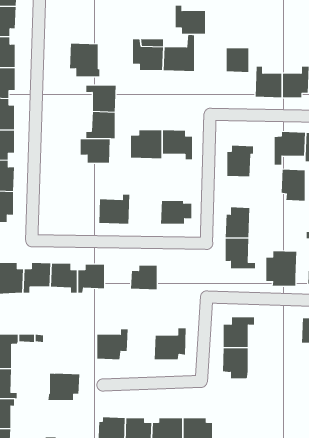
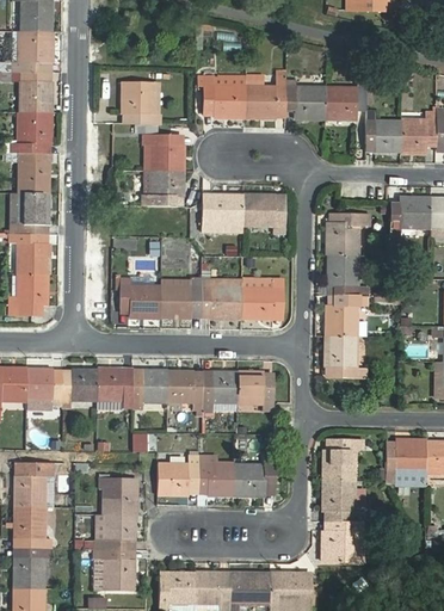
building: [175,5,206,34] -> [286,79,327,117]
building: [80,139,111,163] -> [121,284,161,316]
building: [281,169,305,201] -> [327,254,359,296]
building: none -> [201,278,242,317]
building: [265,251,297,286] -> [386,439,427,486]
building: none -> [168,370,203,402]
building: none -> [238,371,275,403]
building: none -> [198,455,234,495]
building: none -> [99,474,136,514]
building: none -> [322,520,354,561]
building: none -> [93,549,135,591]

